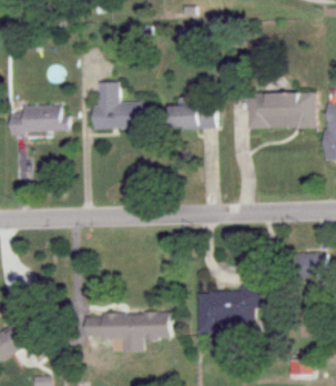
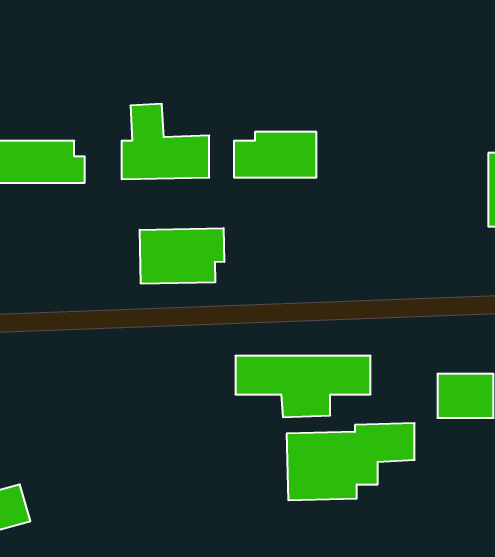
building: [247,92,313,129] -> none
building: none -> [140,228,224,284]
building: [83,313,169,352] -> [235,356,371,417]

